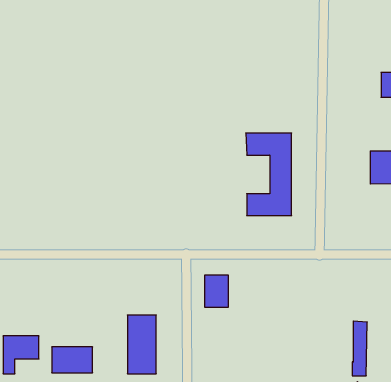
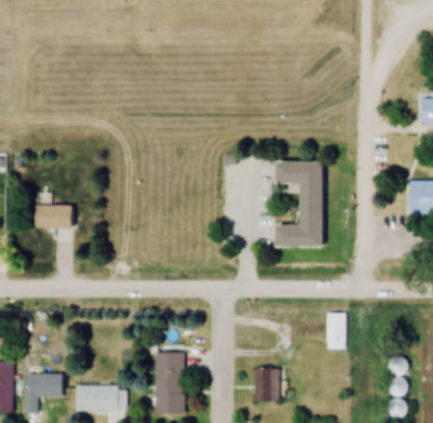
building: none -> [38,205,75,229]
building: [205,275,228,307] -> [253,368,278,401]
building: none -> [326,313,345,349]

